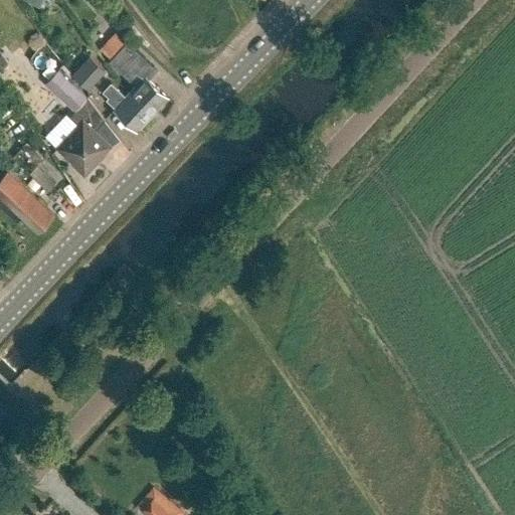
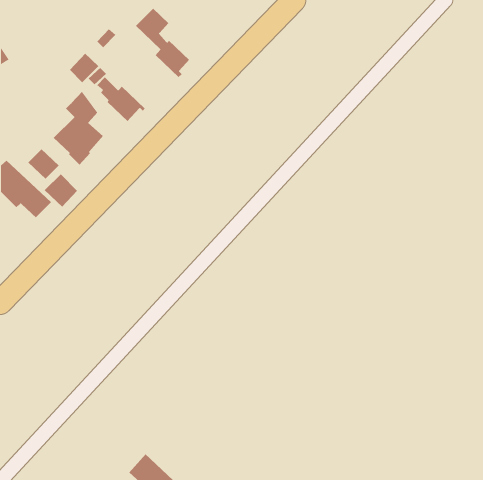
building: [109,44,167,119] -> [135,8,190,78]
building: [46,71,88,113] -> none
building: none -> [44,174,78,208]

